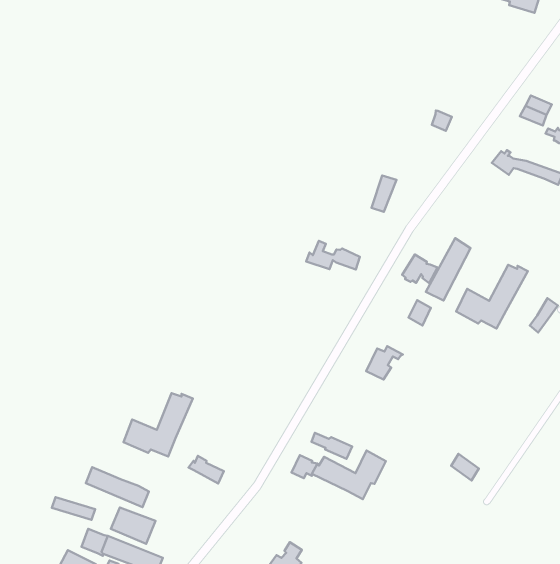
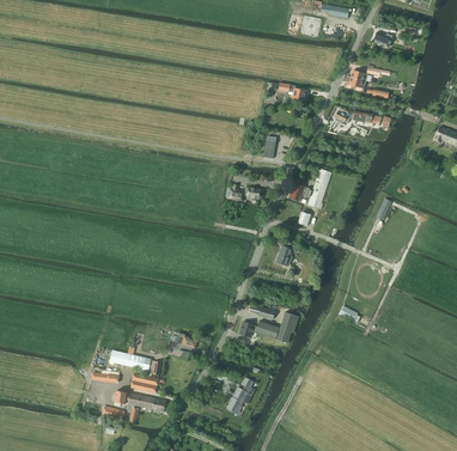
building: [456,265,528,328] -> none
building: [124,393,193,457] -> none

